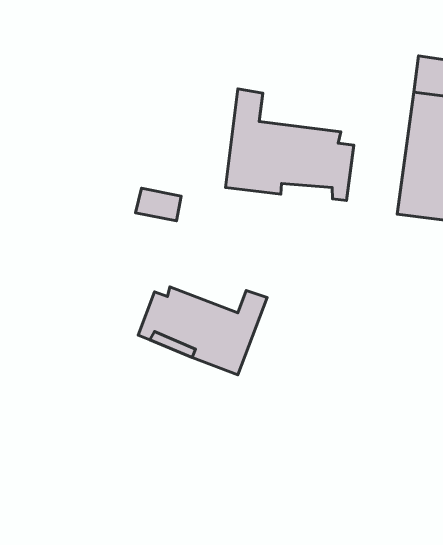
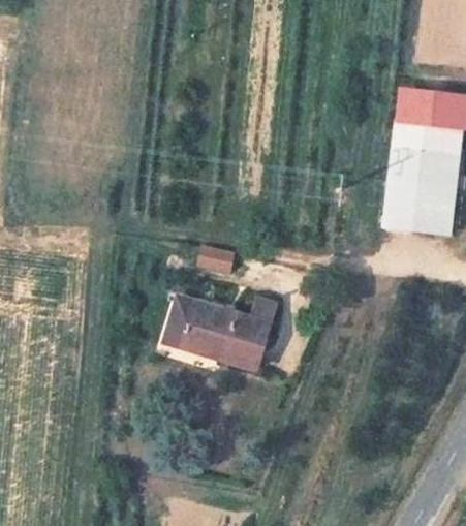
building: [226,89,354,200] -> none
building: [136,188,181,221] -> [195,243,236,272]

